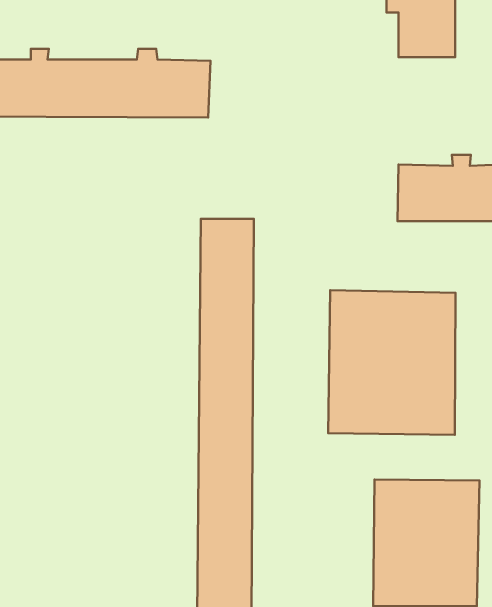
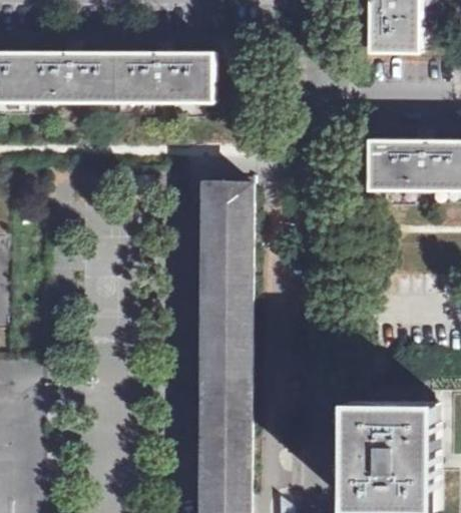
building: [328,290,455,435] -> none

